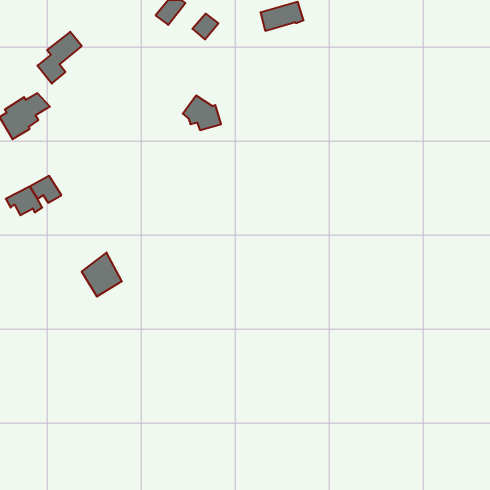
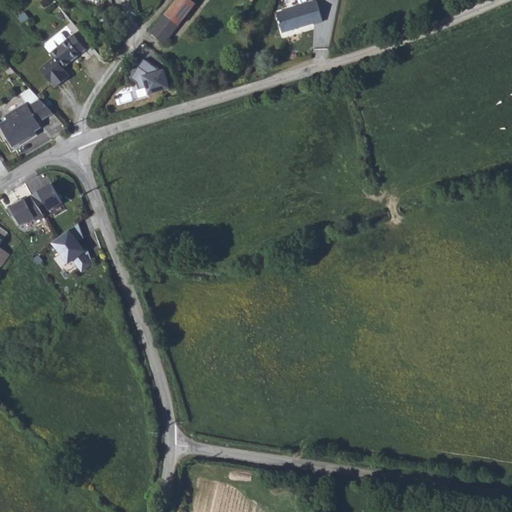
building: [192,14,218,39] -> [148,17,175,44]
building: [183,96,221,130] -> [130,59,170,95]
building: [82,252,122,297] -> [52,225,94,271]

